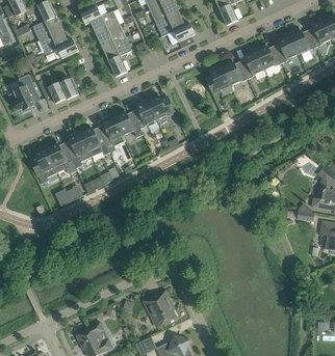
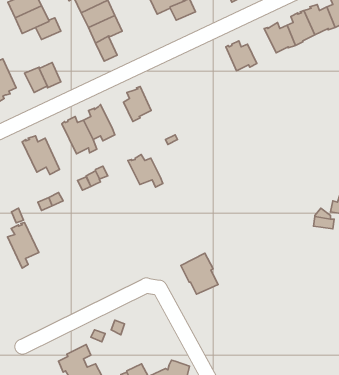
building: [239,49,264,79] -> none
building: [205,64,232,95] -> none
building: [147,93,174,119] -> none
building: [112,109,143,137] -> [128,155,163,187]
building: [65,131,92,168] -> none
building: [30,146,57,186] -> [8,222,39,268]
building: [144,291,176,326] -> [181,253,218,294]

